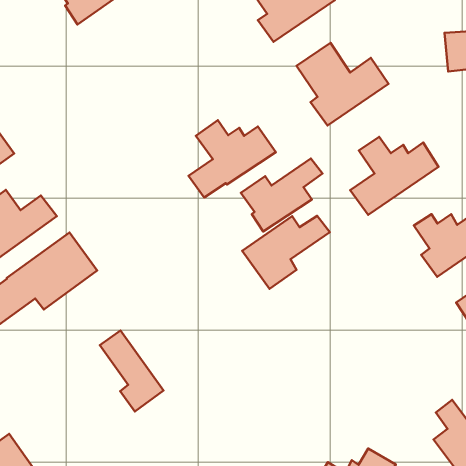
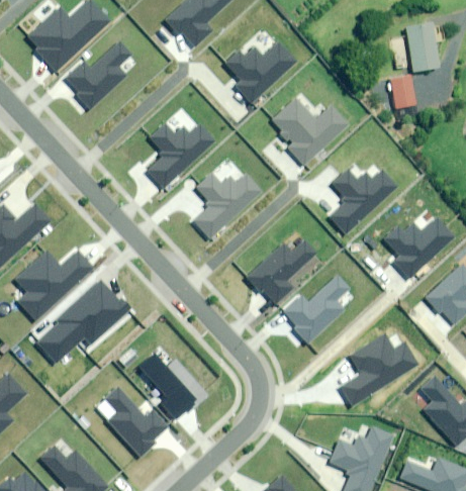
building: none -> [146,123,213,187]
building: [241,158,323,232] -> [283,276,348,340]
building: none -> [340,334,415,404]
building: none -> [105,385,167,456]

